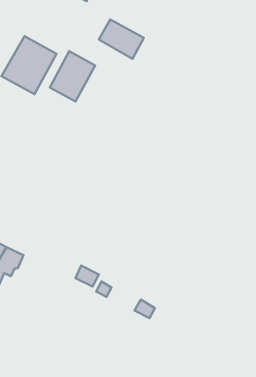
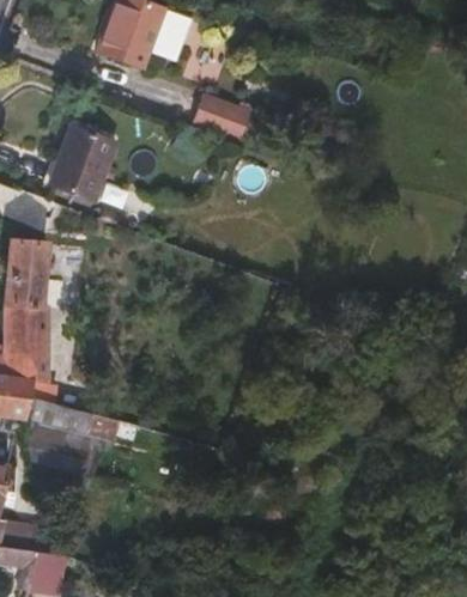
building: [50,51,95,101] -> none

